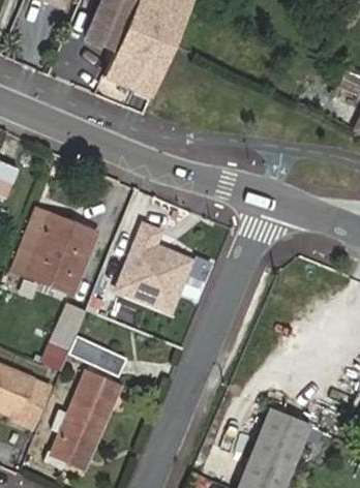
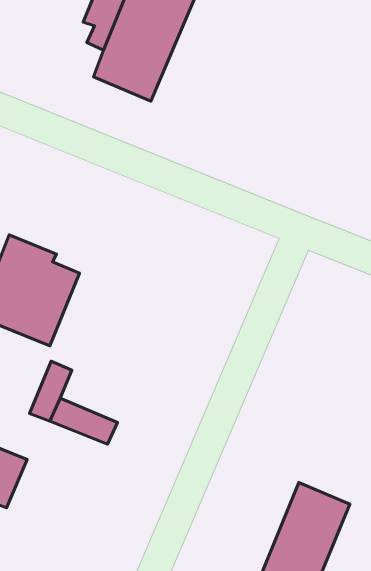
building: [115,220,194,312] -> none
building: [52,377,117,469] -> none

